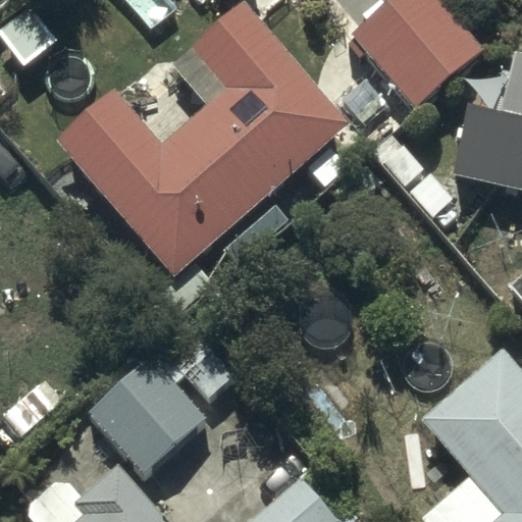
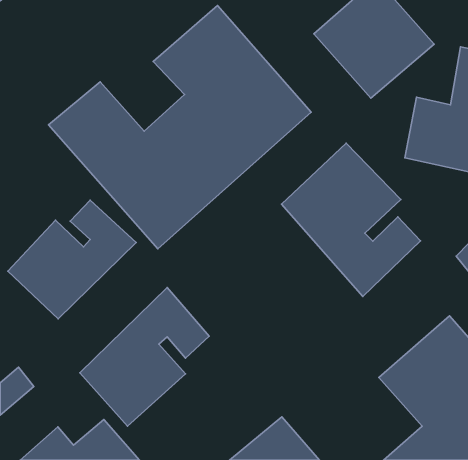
building: none -> [282,143,420,297]
building: none -> [8,200,136,319]

